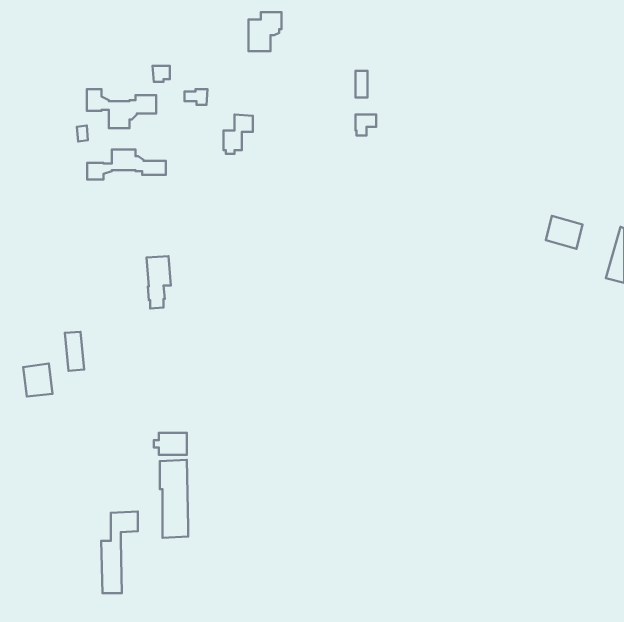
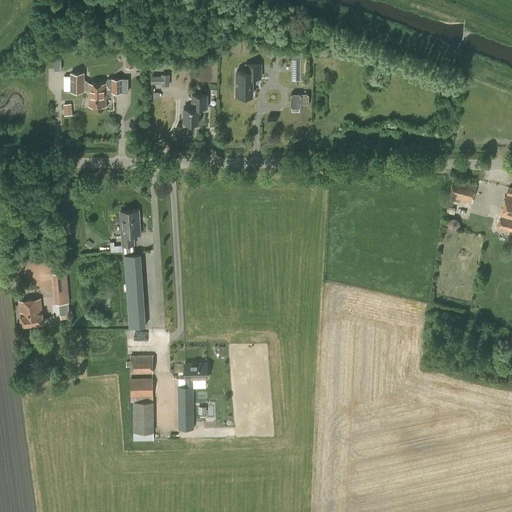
building: [248,12,281,51] -> [235,65,262,97]
building: [87,150,166,180] -> none
building: none -> [124,255,145,328]
building: [101,512,138,593] -> [177,363,207,430]

